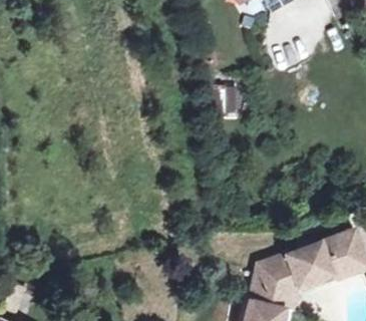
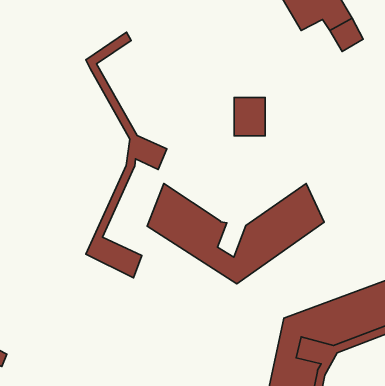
building: none -> [86,32,167,278]
building: none -> [147,183,324,284]

